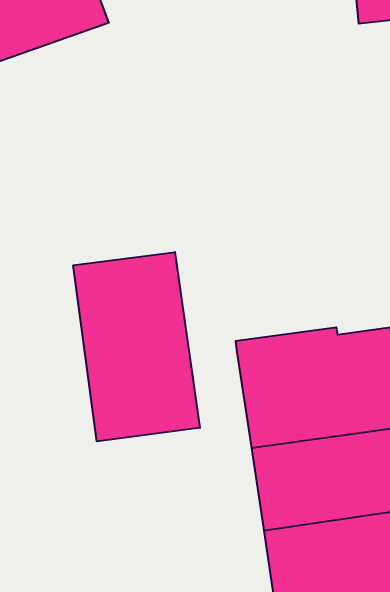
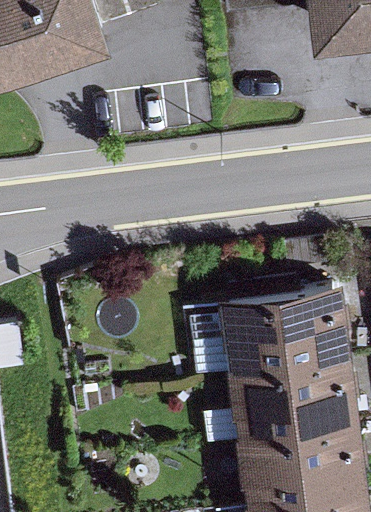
building: [73,252,200,441] -> none

